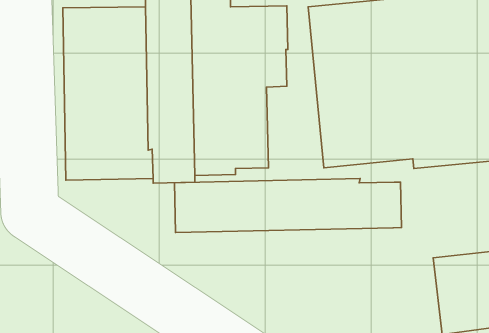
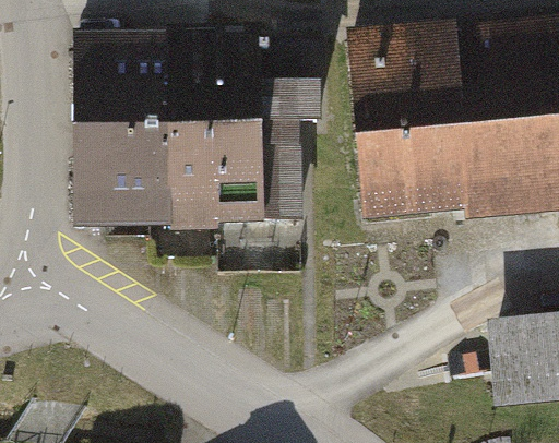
building: [175,178,401,233] -> none

